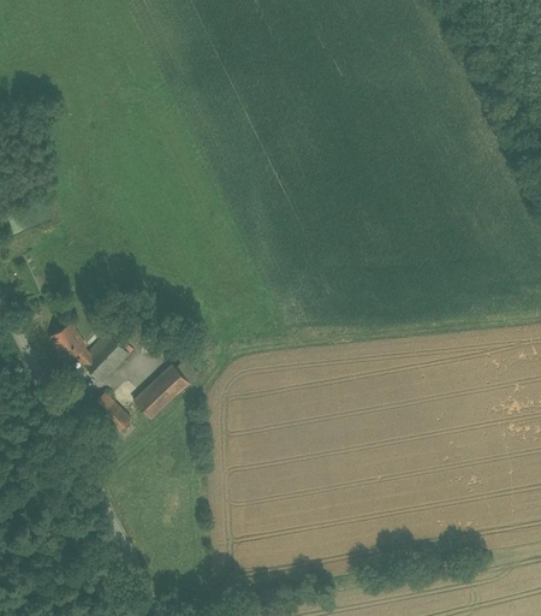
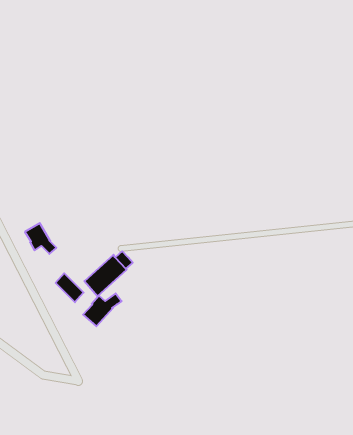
building: [84,332,129,380] -> none
building: none -> [83,293,122,326]

